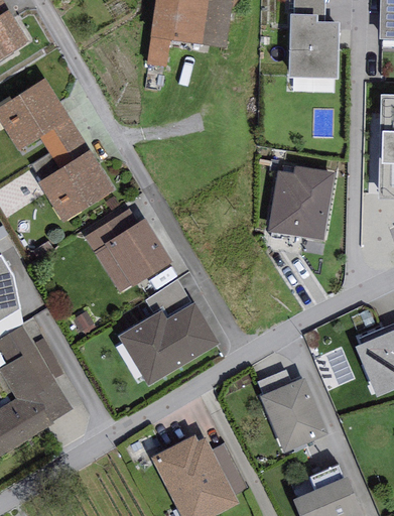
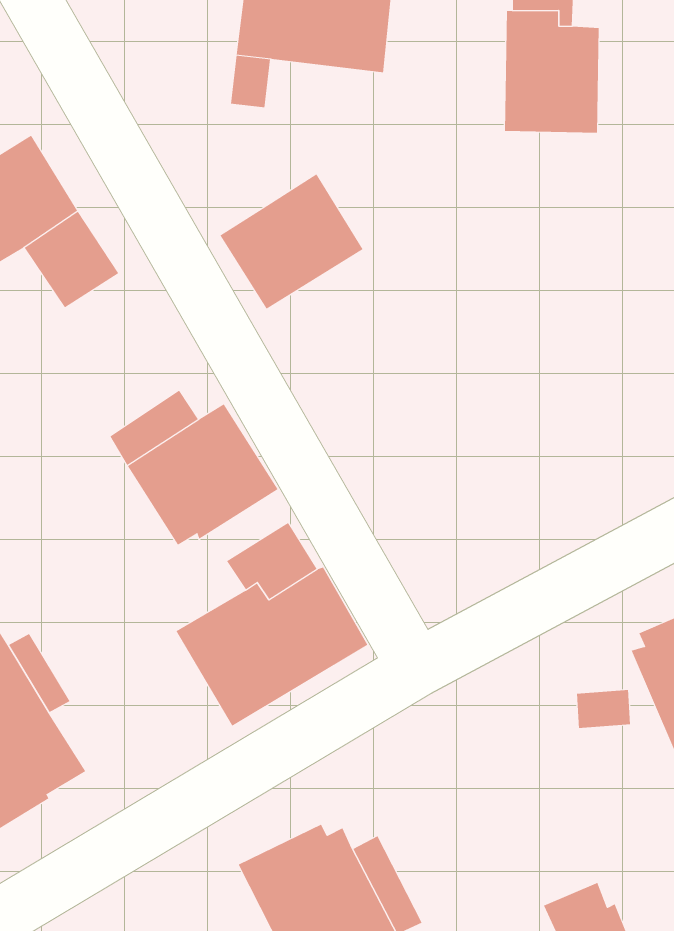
building: [39,150,114,221] -> [219,173,363,310]
building: [269,166,334,239] -> none
building: [259,377,329,454] -> none

